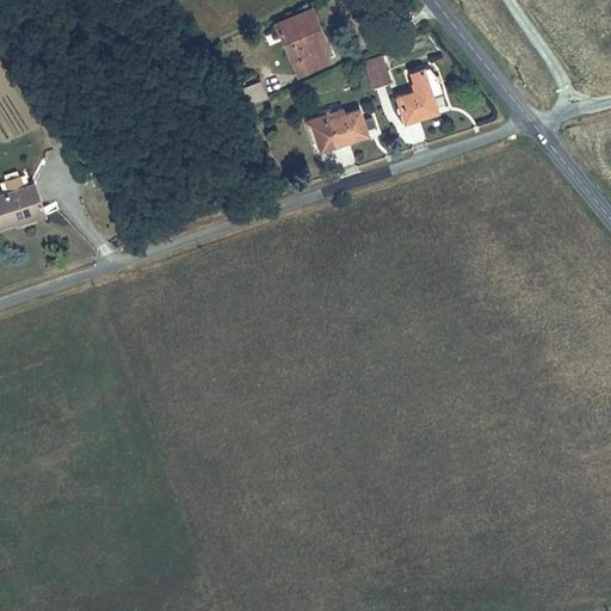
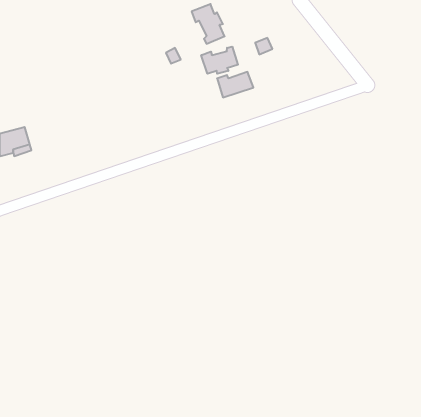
building: none -> [201,47,238,74]
building: [396,87,436,122] -> none

